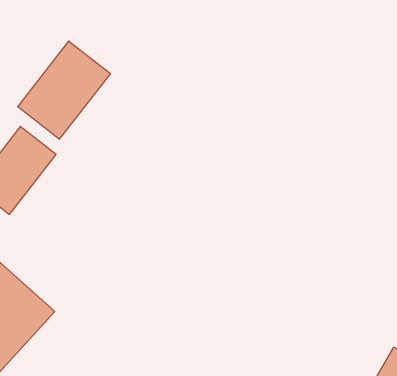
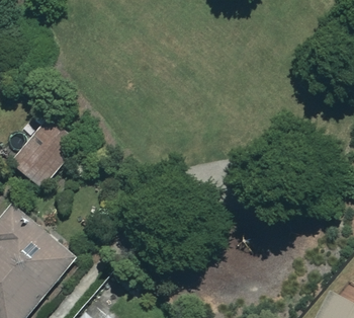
building: [18,41,110,139] -> none

